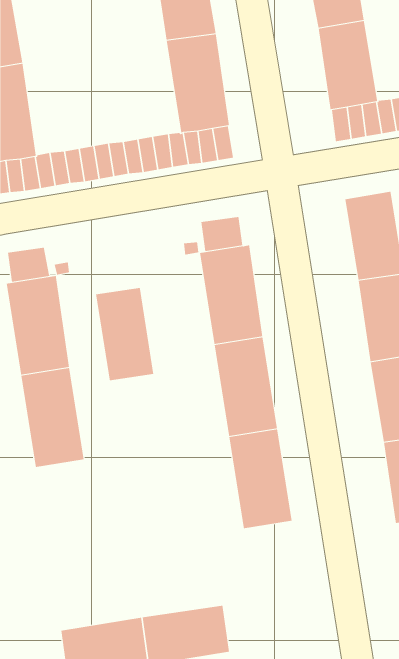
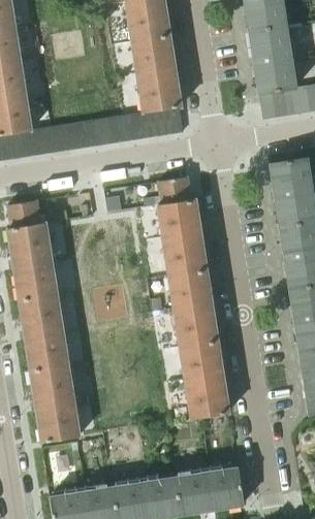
building: [96,287,154,381] -> none
building: none -> [30,364,80,442]
building: none -> [176,466,244,513]

